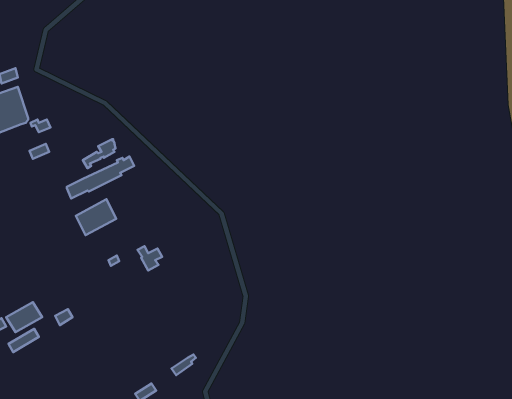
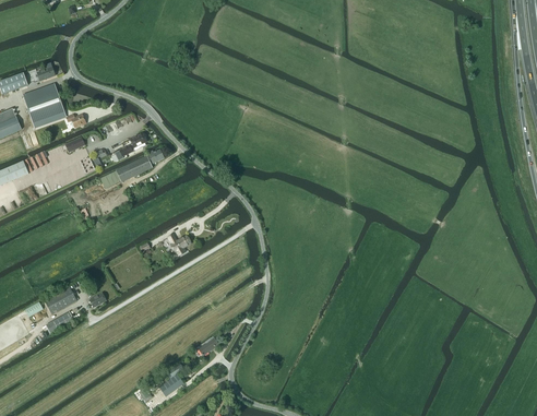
building: [76,199,116,235] -> none

